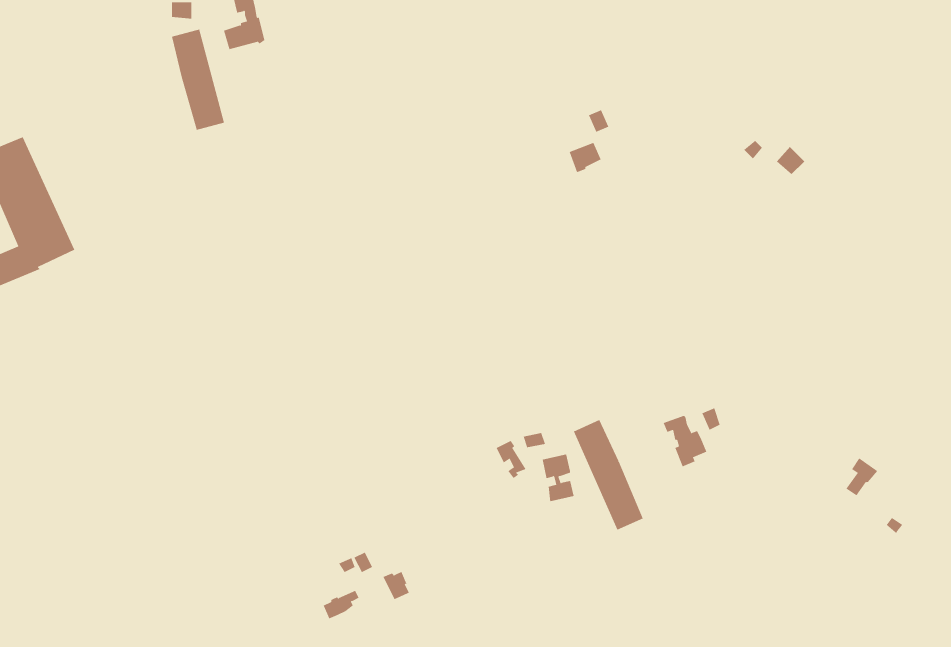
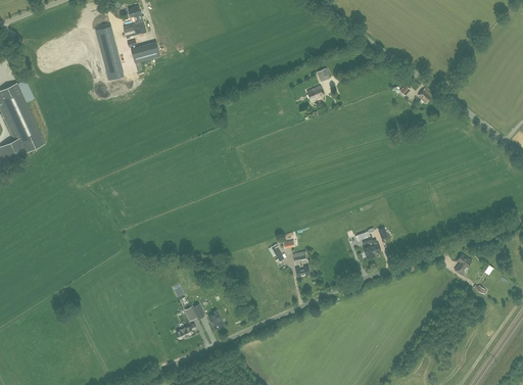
building: none -> [132,41,160,62]
building: [573,419,644,530] -> none

